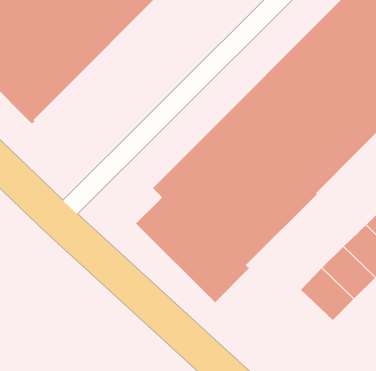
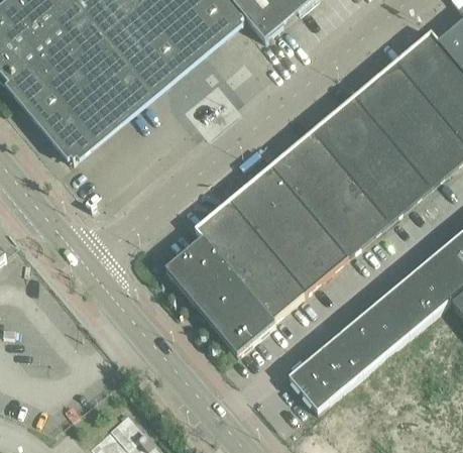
building: none -> [290,348,352,411]

